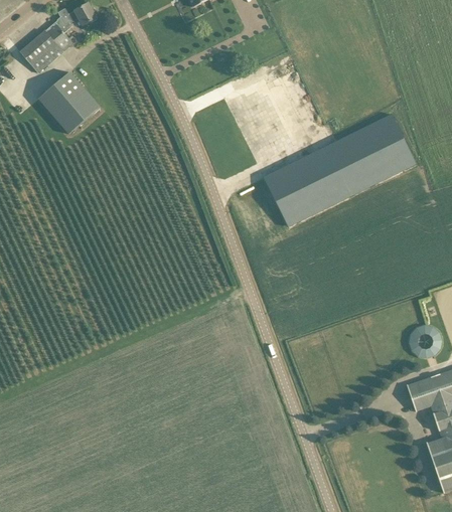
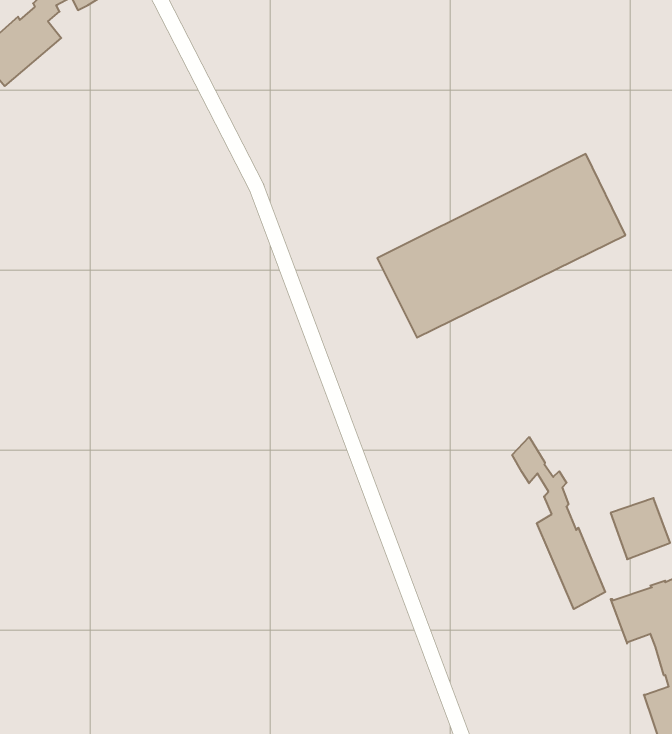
building: [40,72,101,134] -> none
building: none -> [512,437,605,609]

